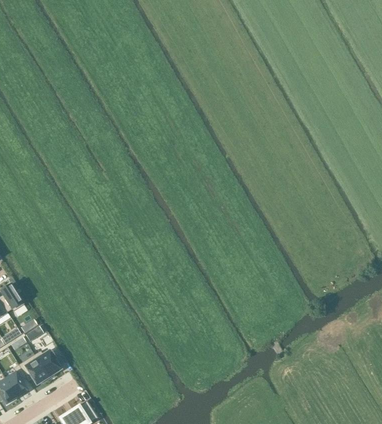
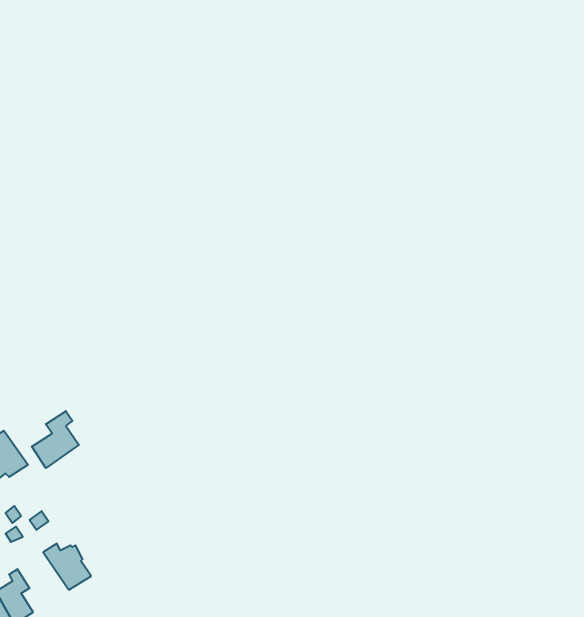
building: none -> [32,411,79,468]
building: [18,355,49,384] -> none

